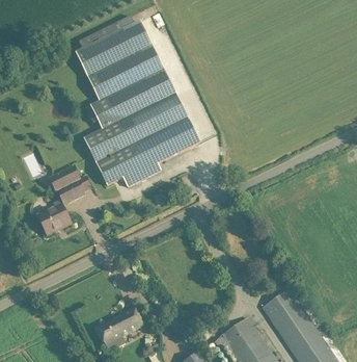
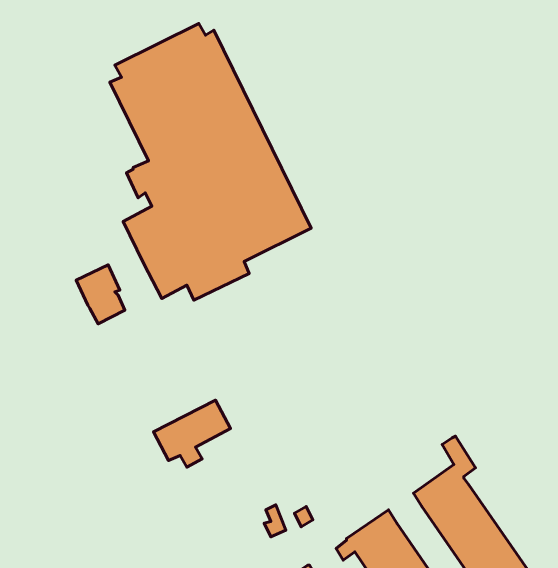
building: [37,202,72,235] -> none
building: [97,307,144,348] -> [153,400,231,467]

